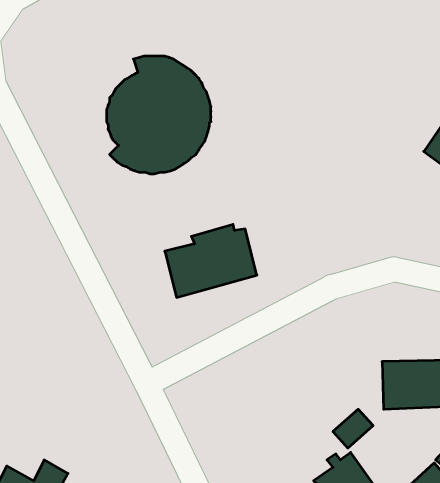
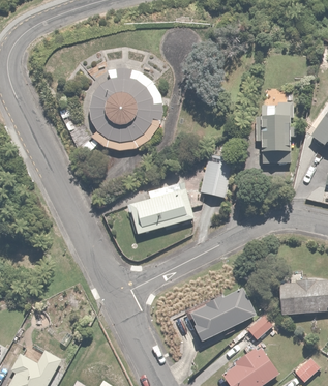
building: none -> [262,106,293,162]
building: none -> [201,155,234,198]
building: none -> [192,289,258,340]

